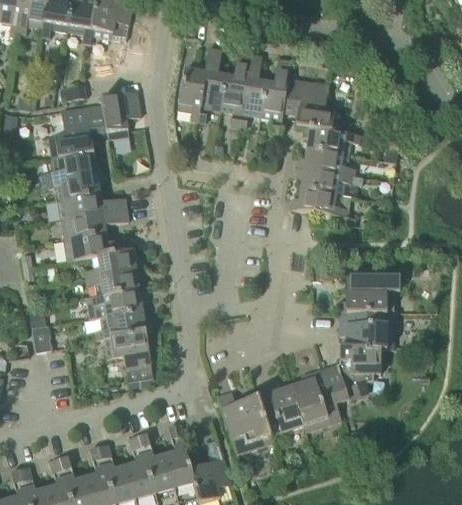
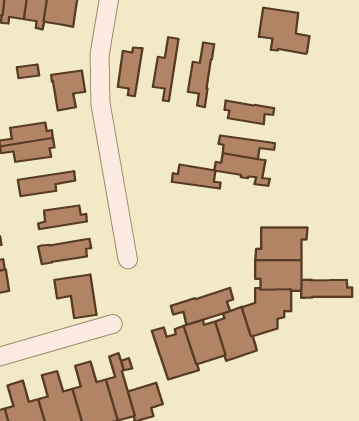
building: [198,48,225,122] -> none
building: [238,54,266,129] -> none
building: [282,78,341,132] -> [259,8,309,54]
building: [49,103,108,158] -> none
building: [298,147,355,175] -> [172,165,221,189]
building: [58,192,127,219] -> none
building: [64,232,133,261] -> none
building: [86,268,144,296] -> none
building: [95,309,152,339] -> none
building: none -> [301,280,352,298]
building: none -> [171,288,233,325]

